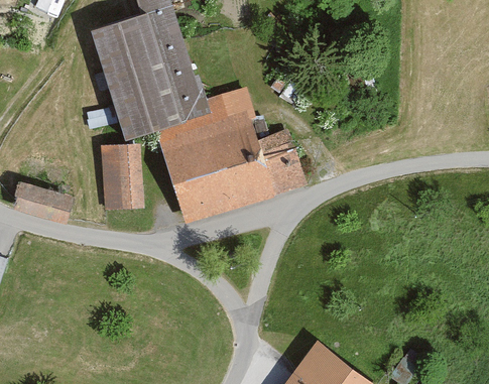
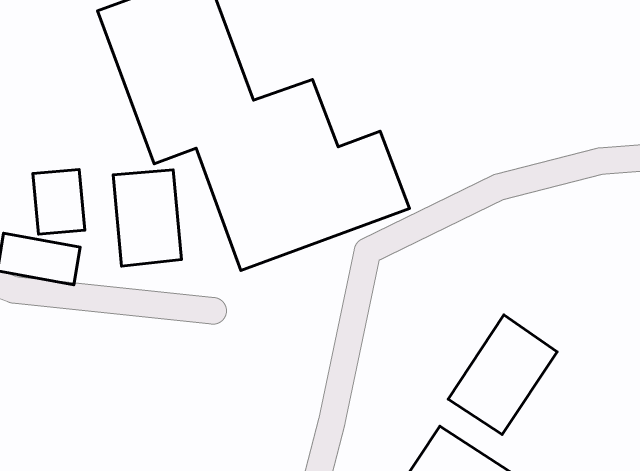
building: none -> [33,170,85,234]
building: none -> [448,315,557,434]

